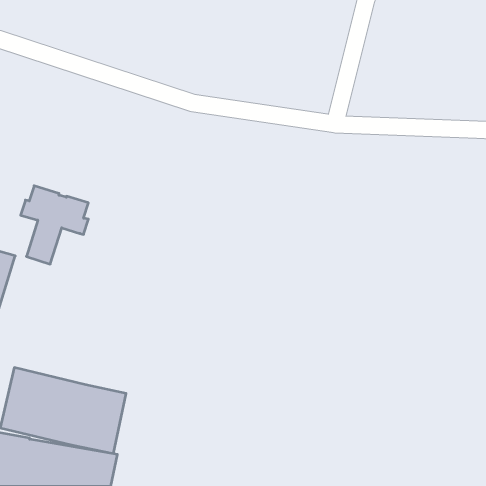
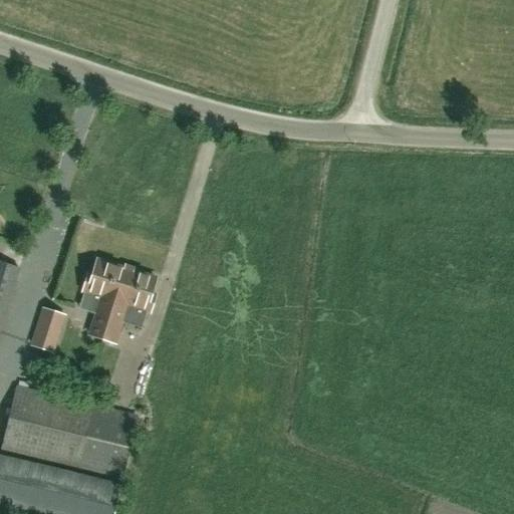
building: [21,186,88,264] -> [81,259,153,341]
building: none -> [30,309,59,350]

